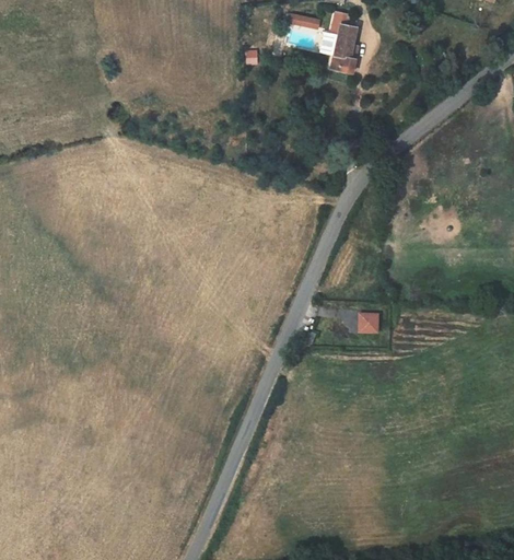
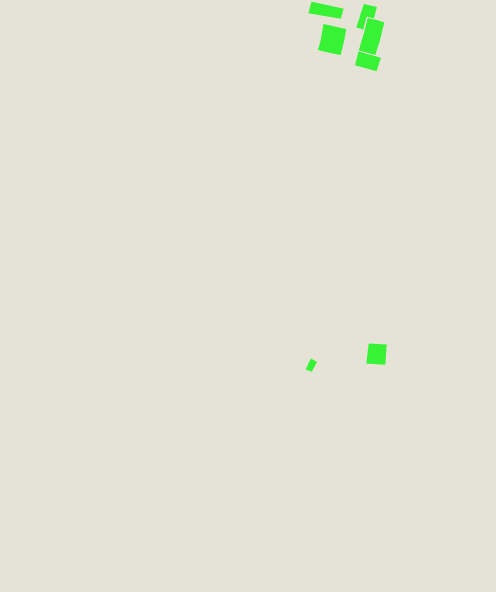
building: none -> [317,23,347,56]

